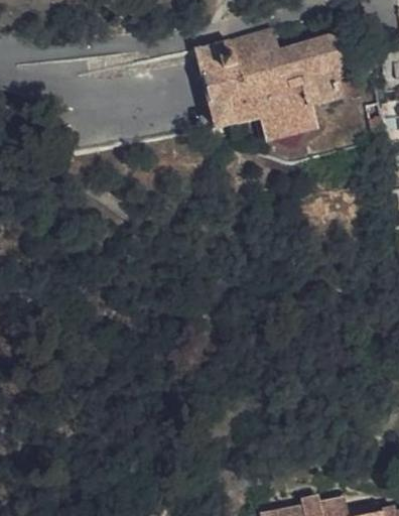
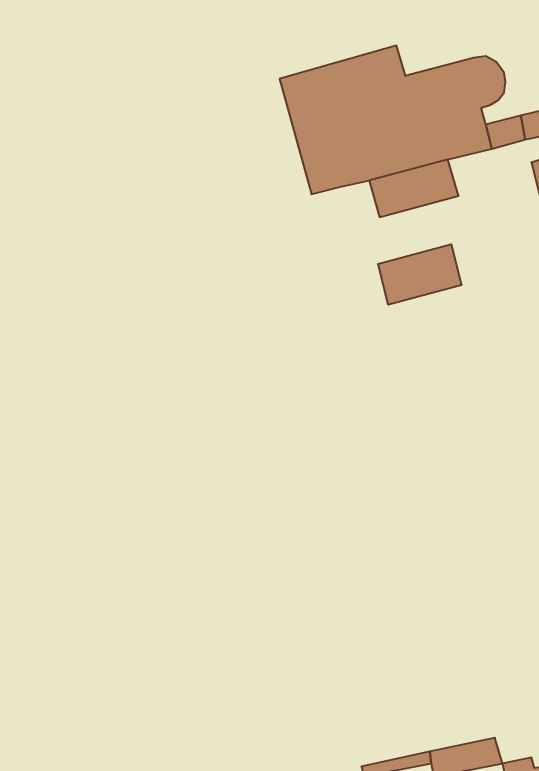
building: none -> [378,244,461,305]

